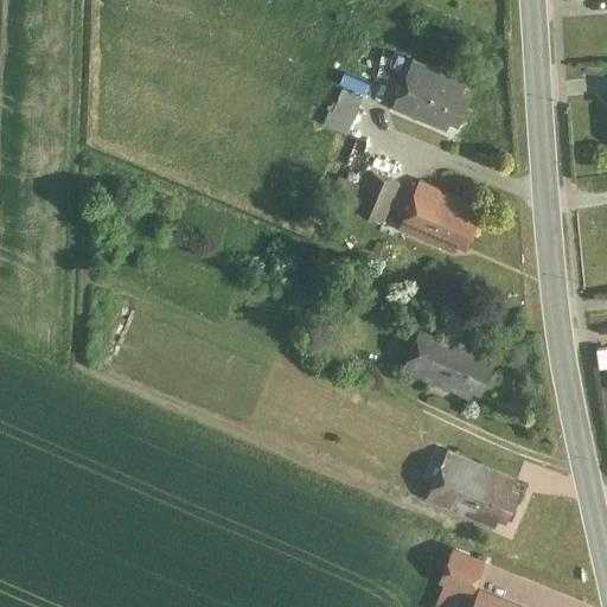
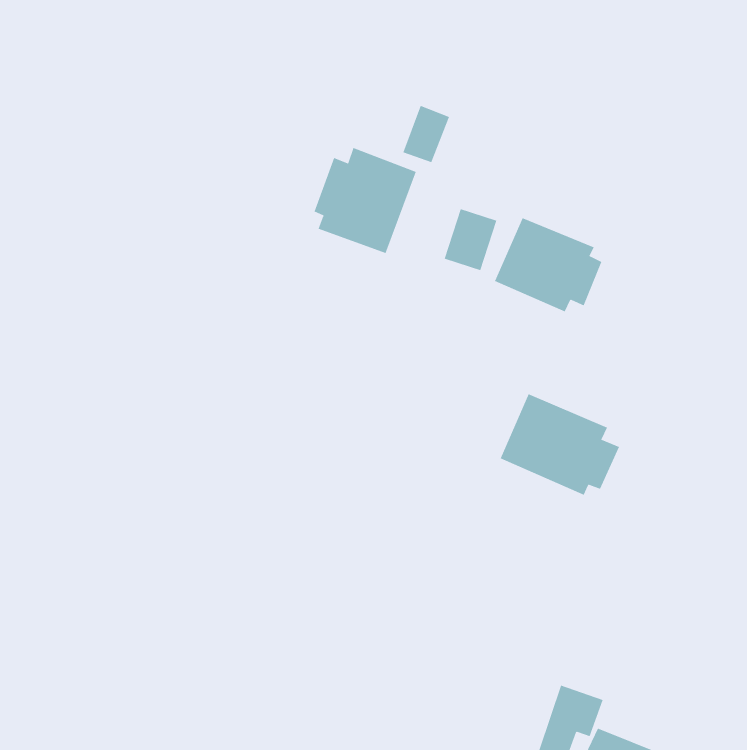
building: [390,59,472,133] -> none
building: none -> [314,147,417,254]
building: [427,449,520,519] -> none

